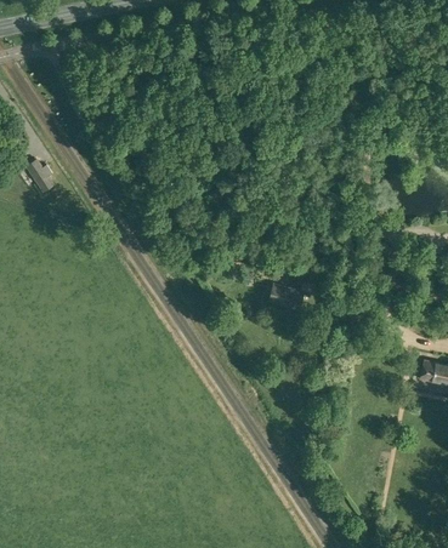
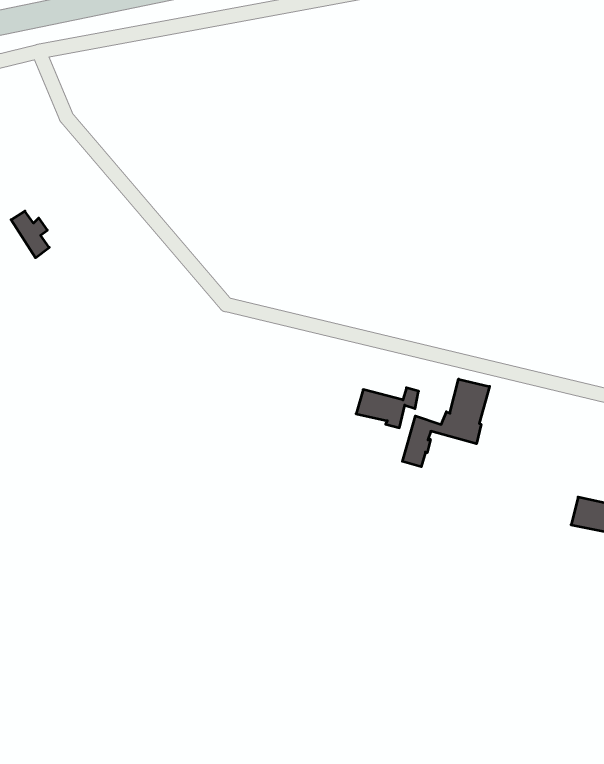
building: none -> [402,379,490,467]

